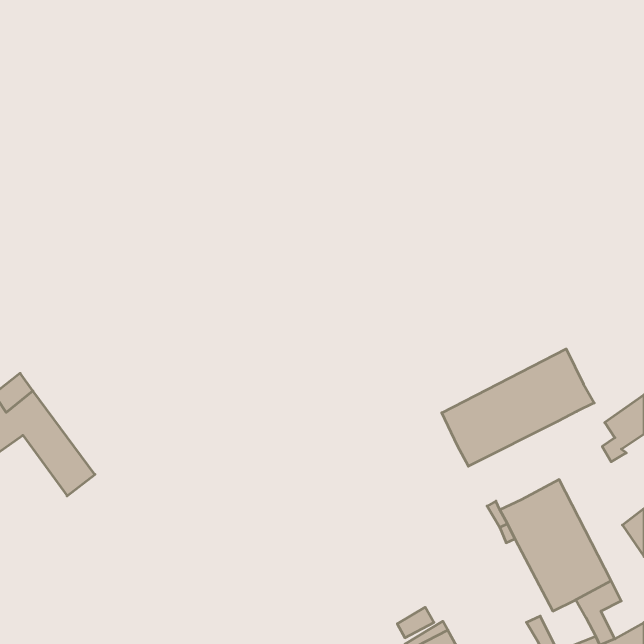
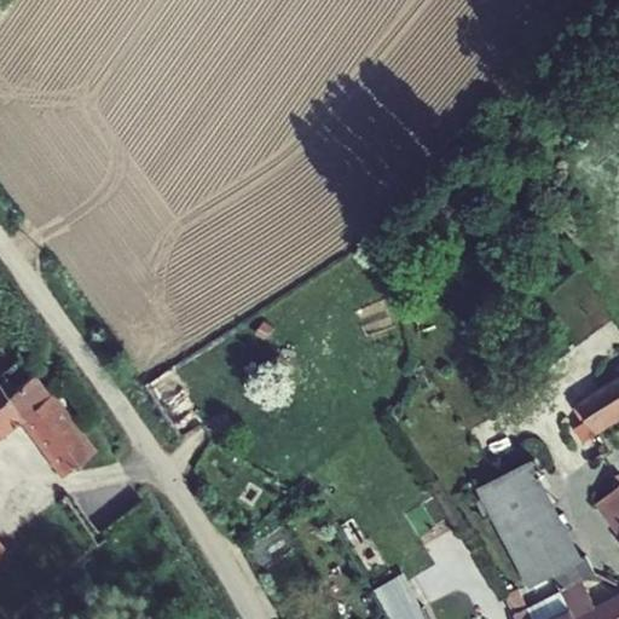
building: [442,349,594,466] -> none

